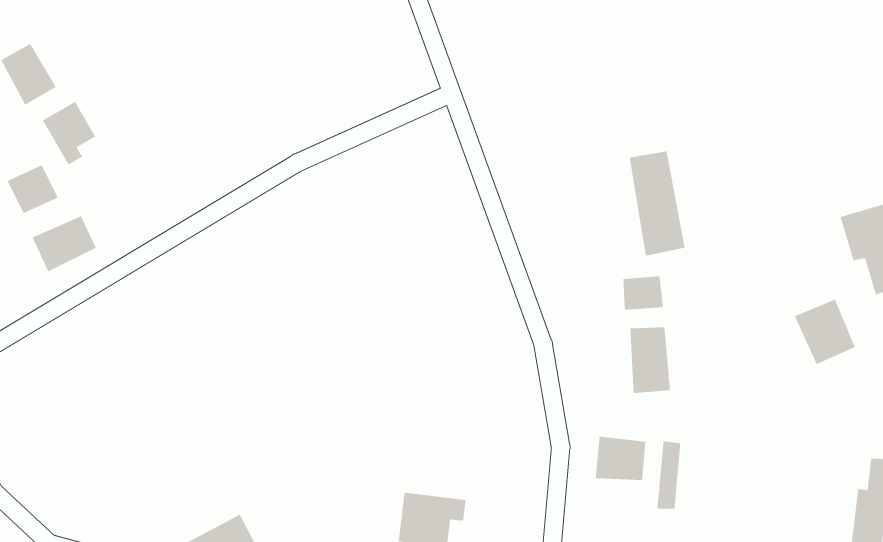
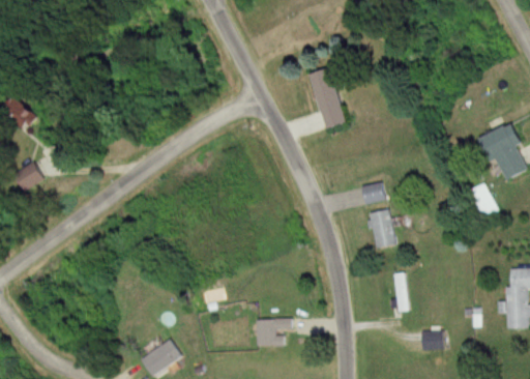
building: [42,101,96,165] -> none
building: [629,151,685,257] -> [312,69,349,129]
building: [32,215,97,273] -> none
building: [595,436,646,481] -> none

